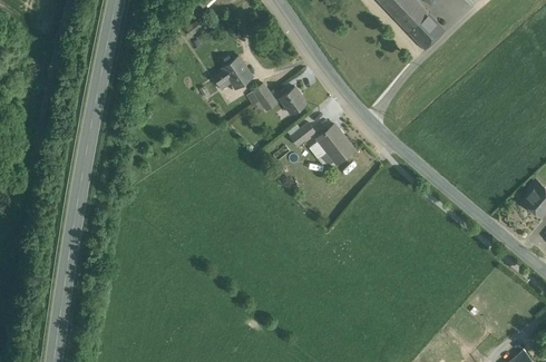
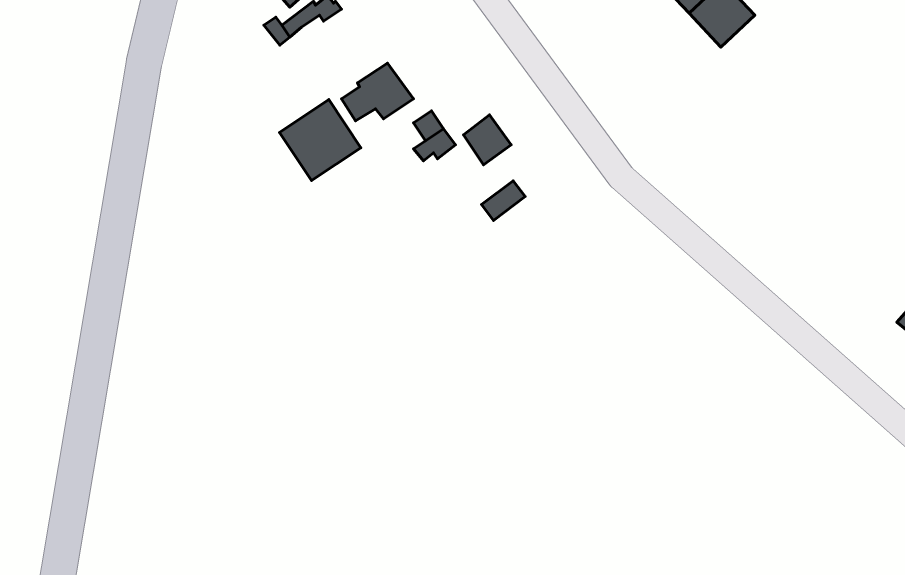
building: none -> [280,100,361,181]
building: [315,124,353,164] -> none

